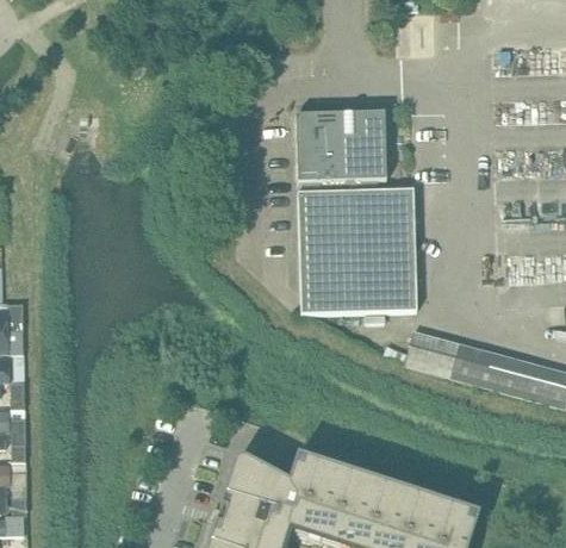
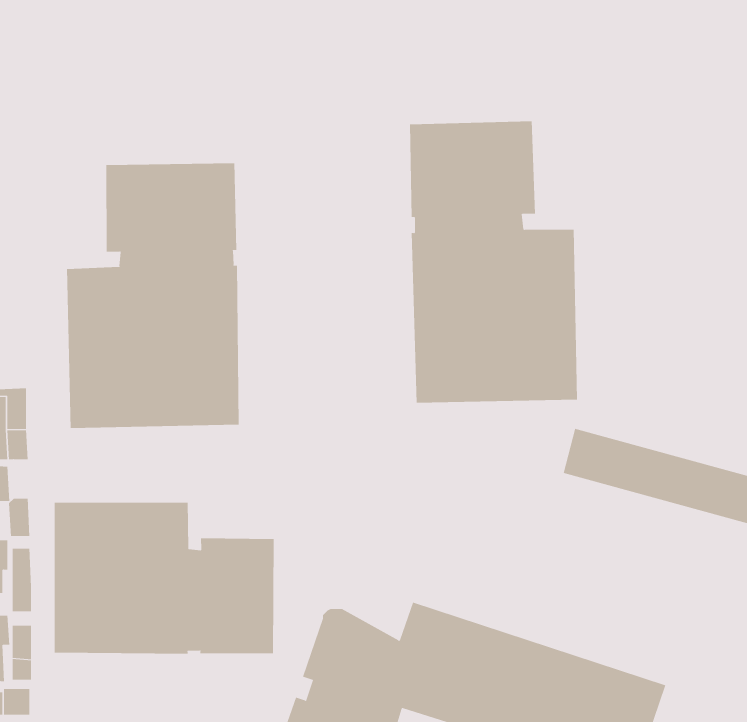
building: none -> [67,163,239,429]
building: none -> [54,502,274,655]

